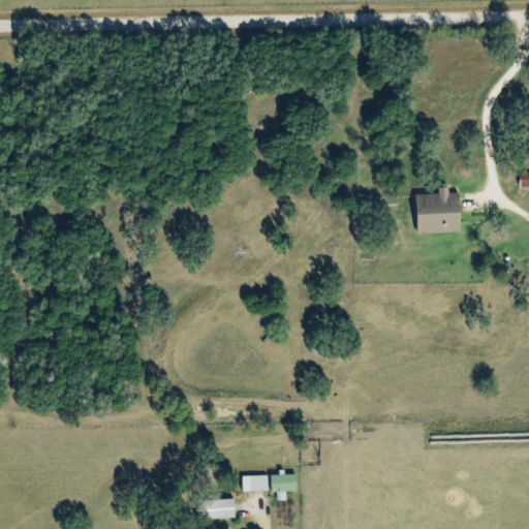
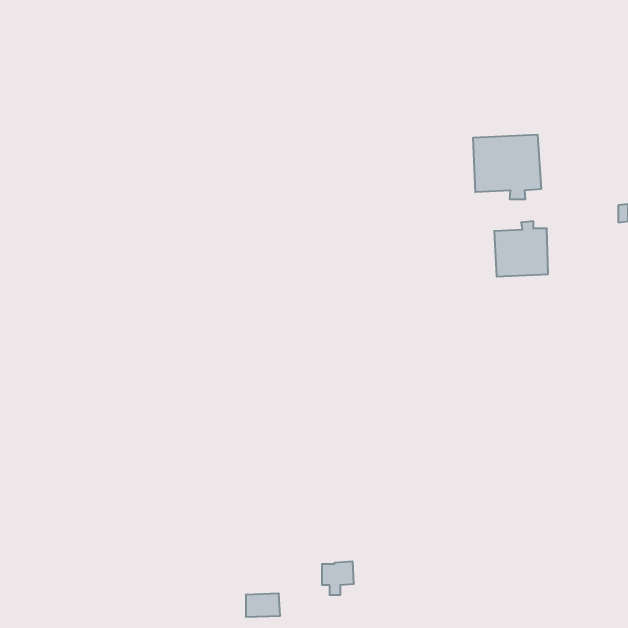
building: none -> [473,135,541,199]
building: [243,474,269,492] -> none

